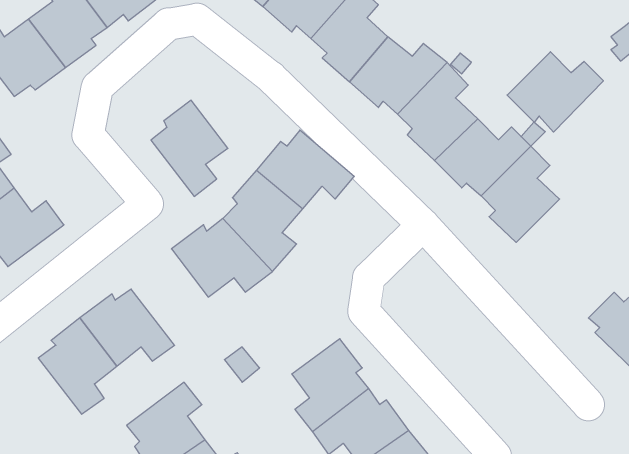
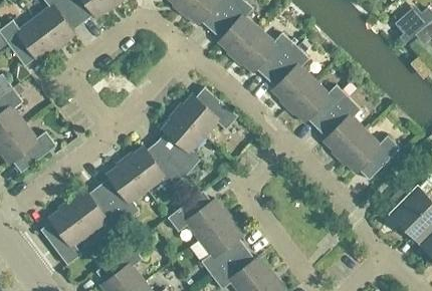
building: [507,52,603,132] -> [340,129,400,180]
building: [151,100,228,196] -> [98,161,147,221]
building: none -> [168,190,229,239]

